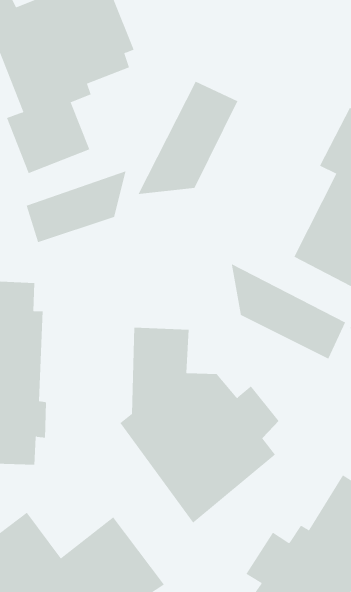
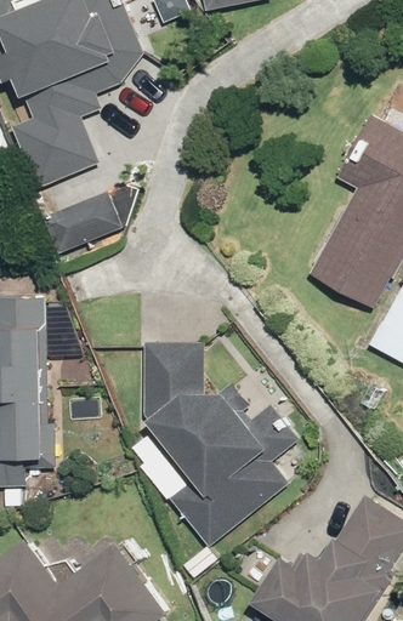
building: [138,81,238,195] -> none
building: [231,263,346,359] -> none

